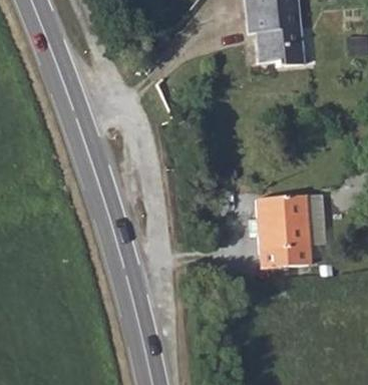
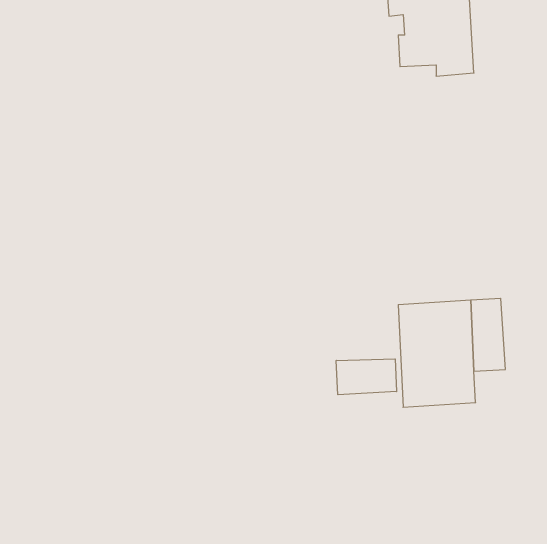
building: none -> [336,359,397,395]

